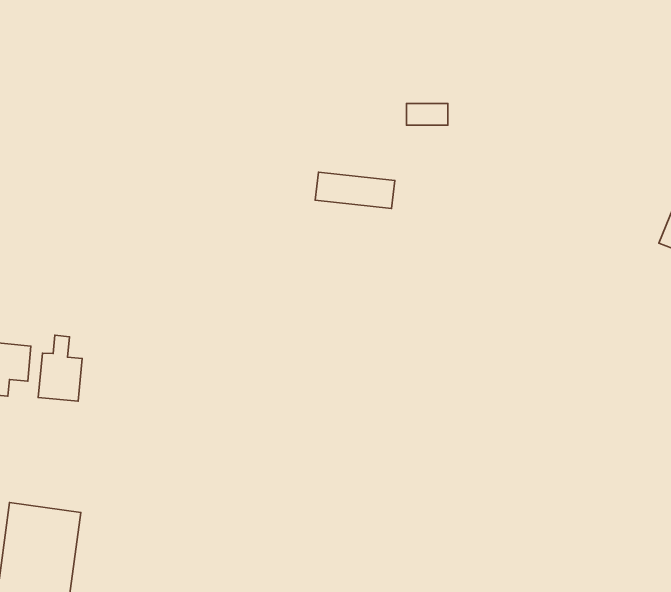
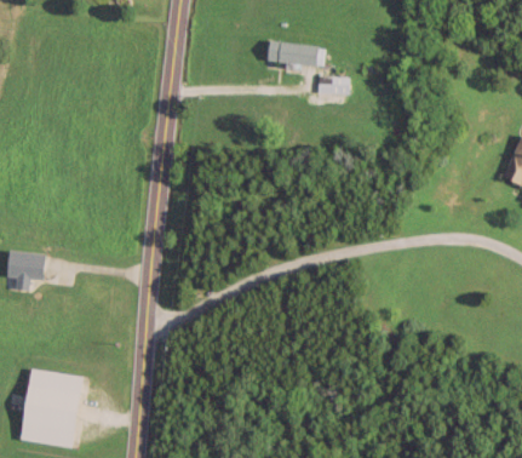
building: [315,172,395,209] -> [268,41,326,68]
building: [38,335,82,401] -> none

